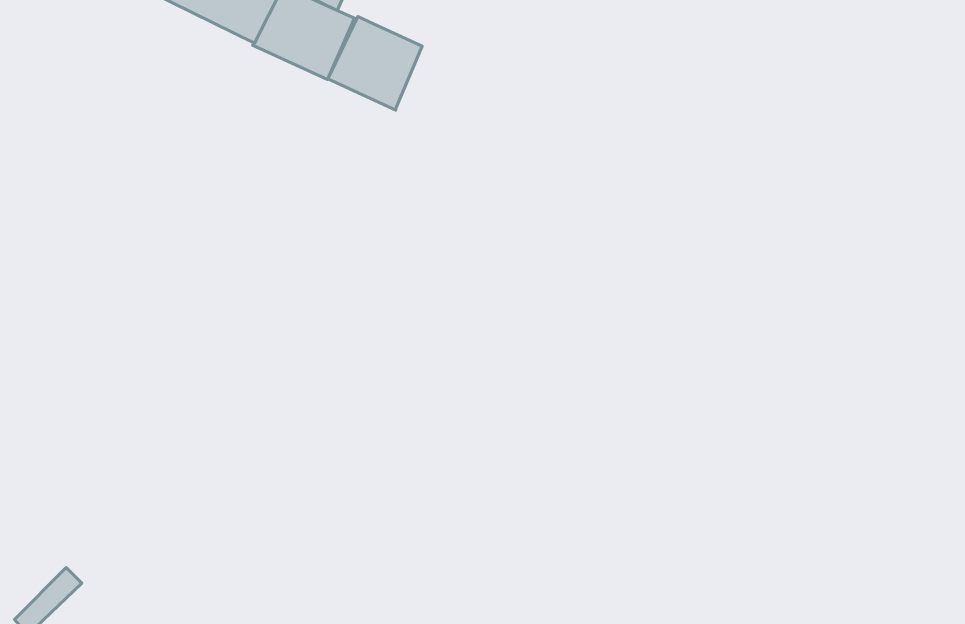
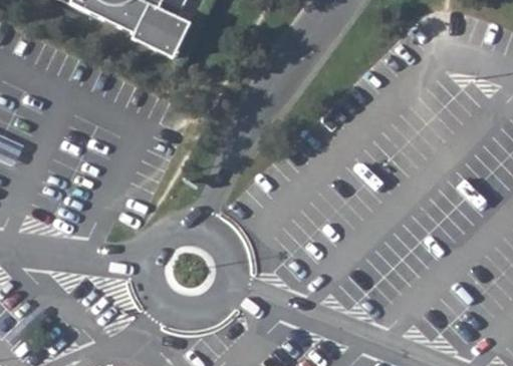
building: [328,16,422,110] -> none

